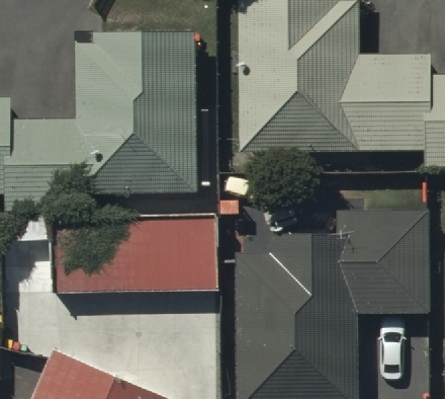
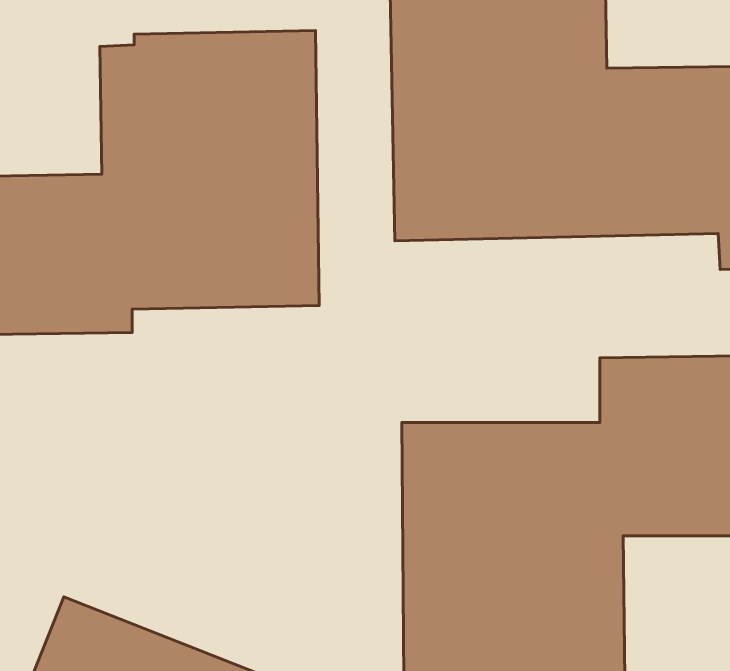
building: [53,218,219,296] -> none

